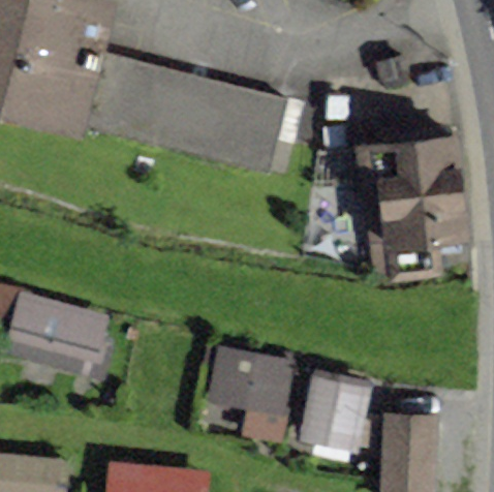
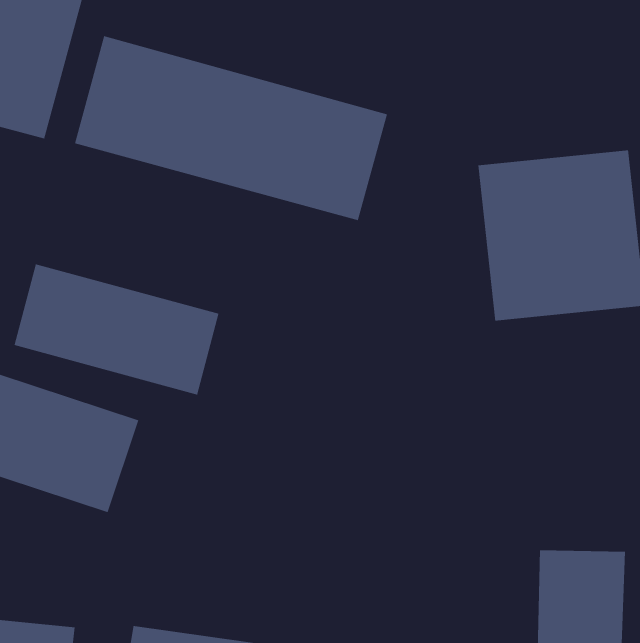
building: none -> [14,263,219,395]
building: [208,346,296,438] -> none
building: [298,373,369,451] -> none

